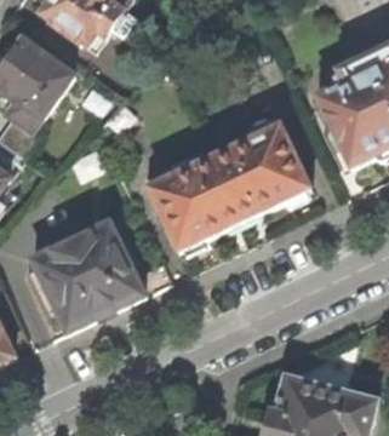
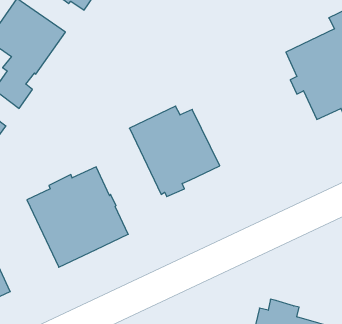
building: [213,115,310,219] -> none

